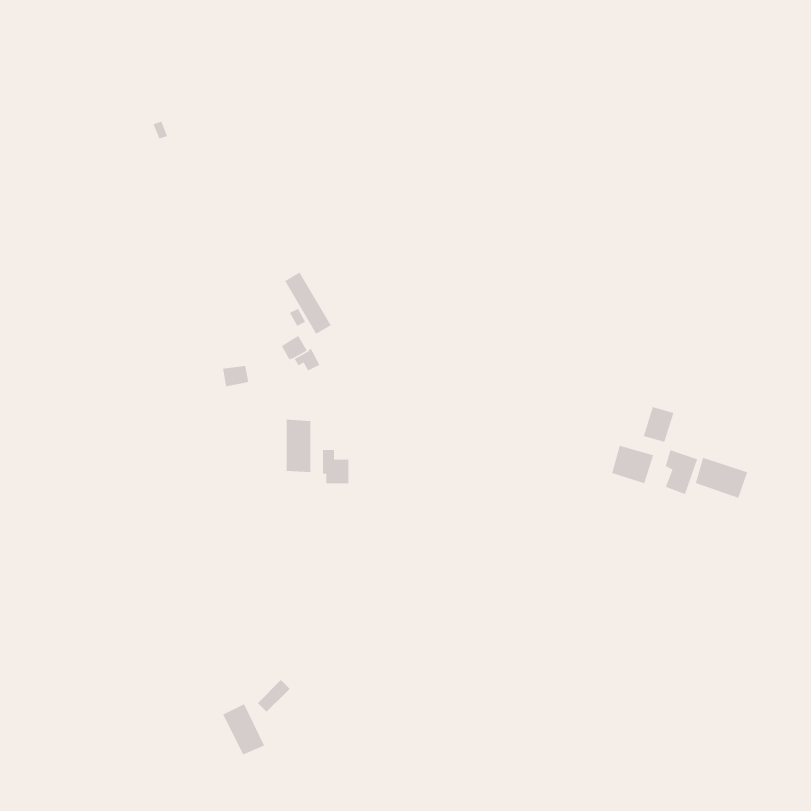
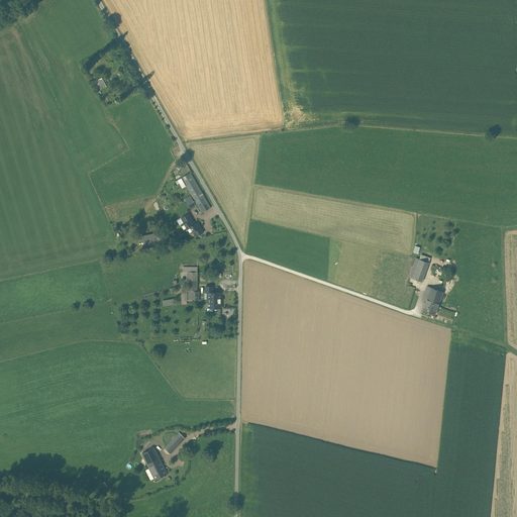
building: [611,445,654,484] -> none
building: [695,457,748,499] -> none

